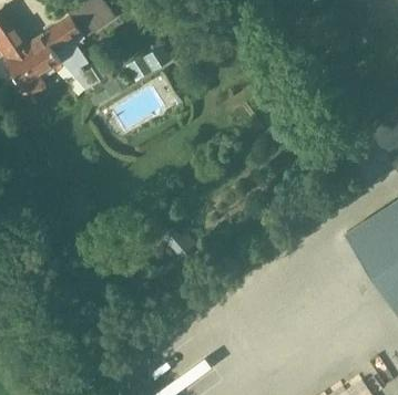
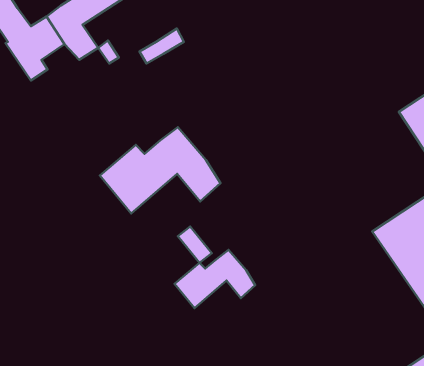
building: none -> [100,127,221,214]
building: none -> [175,250,255,308]

